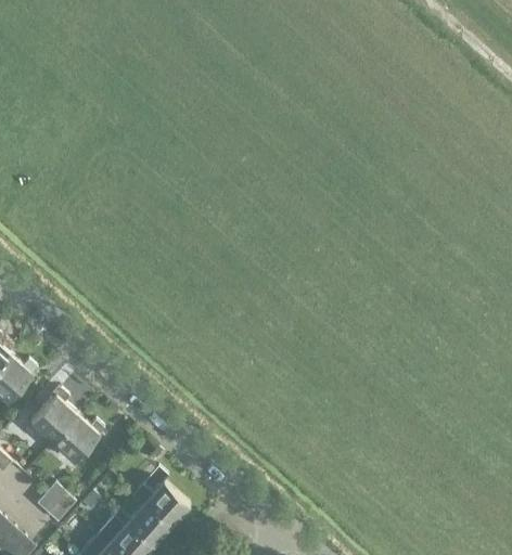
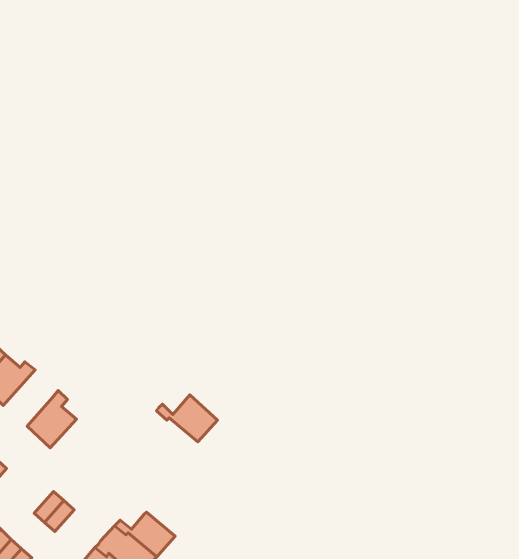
building: [52,416,104,463] -> none
building: [131,482,189,527] -> [157,395,218,442]

